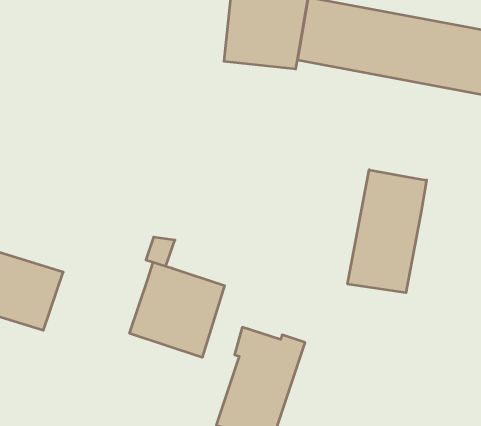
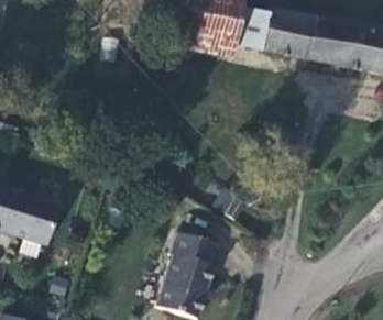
building: [348,170,427,293] -> none
building: [130,262,225,357] -> none

